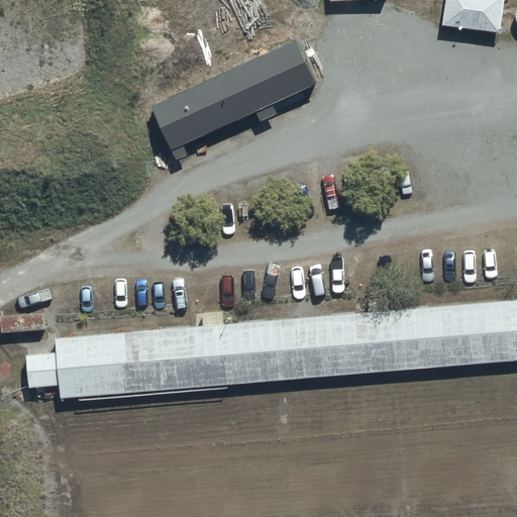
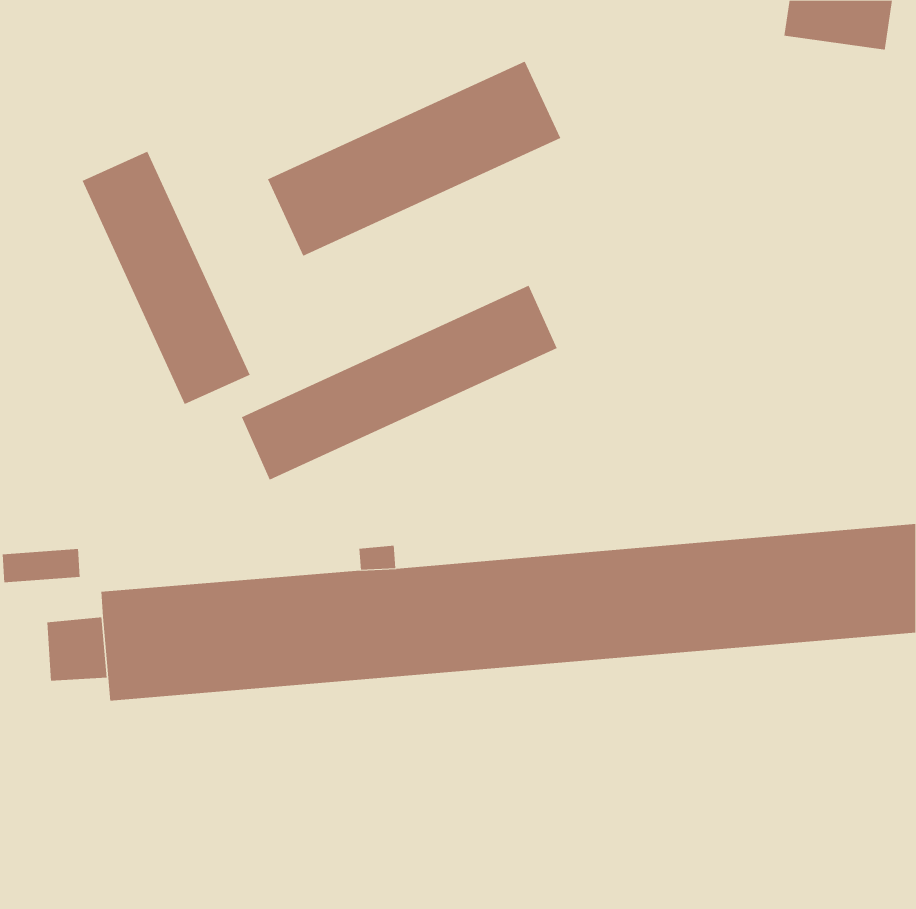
building: none -> [82,151,250,405]
building: none -> [241,285,557,480]

